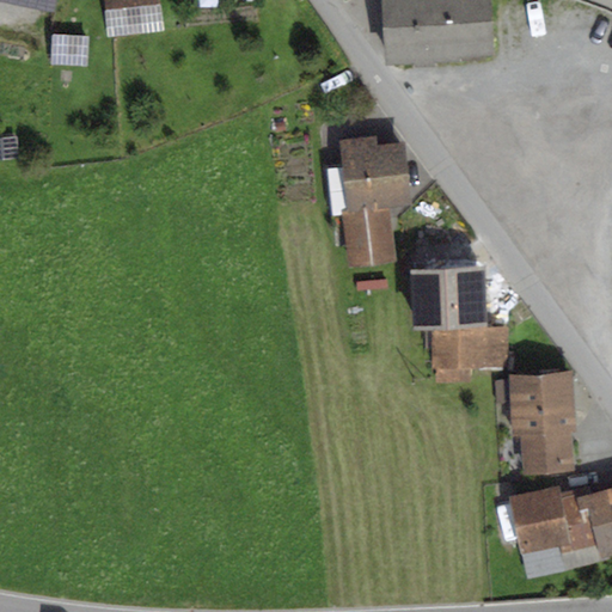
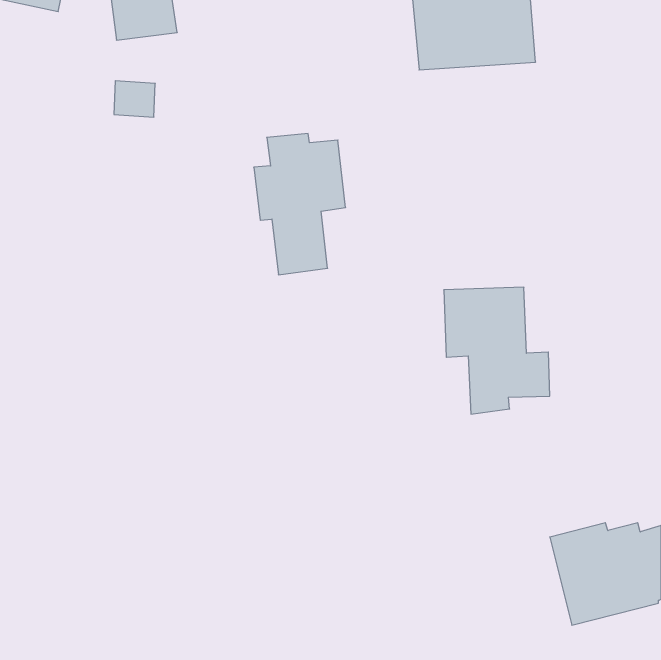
building: [50,32,88,66] -> [114,81,155,117]
building: [326,135,411,265] -> [254,134,346,275]
building: [495,369,579,472] -> none

